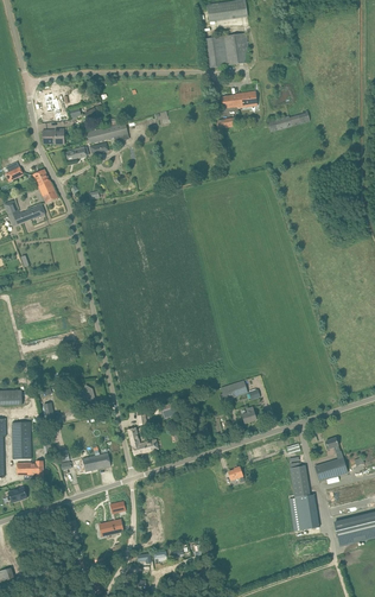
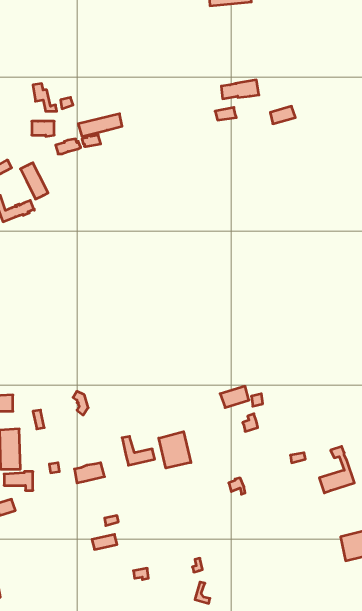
building: [204,32,249,68] -> none
building: none -> [159,432,191,468]
building: [288,465,318,531] -> none

